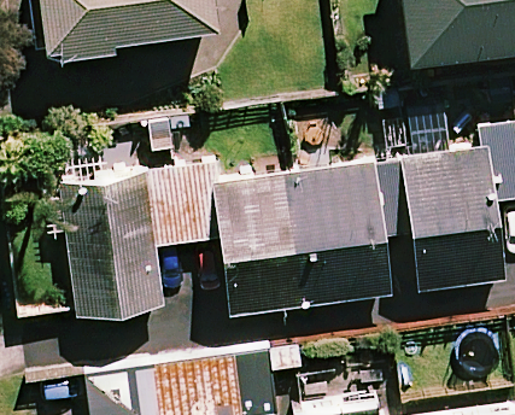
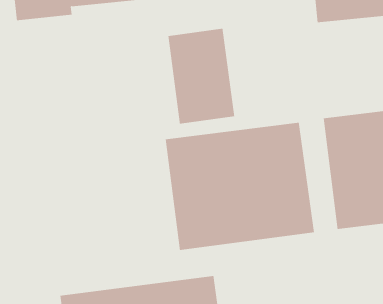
building: none -> [168,28,235,124]
building: [66,170,170,318] -> none

